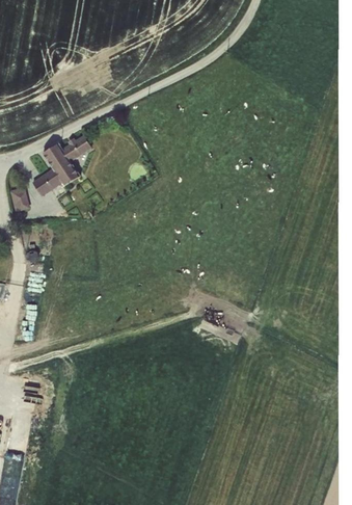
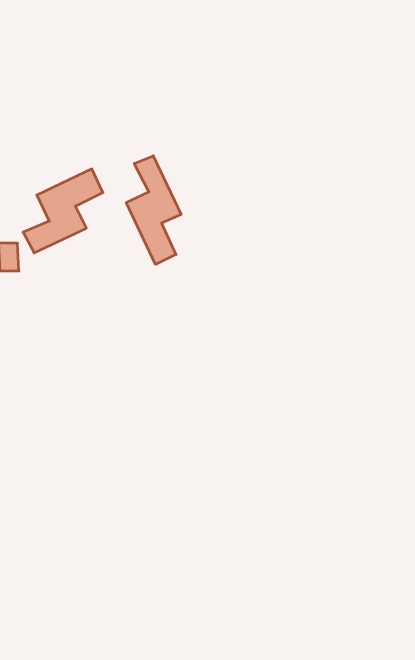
building: none -> [126,156,181,264]

